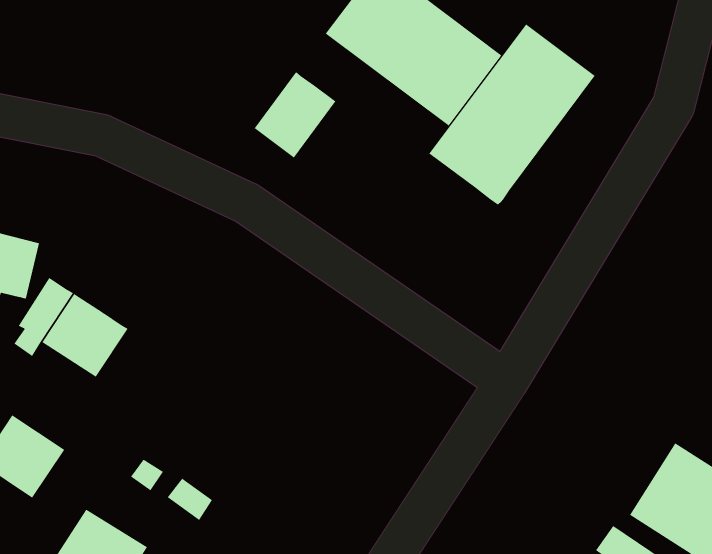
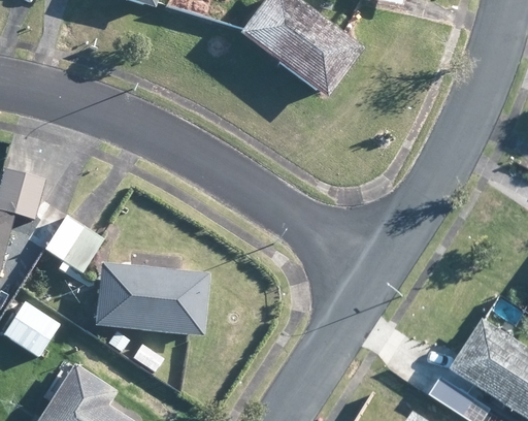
building: [429,24,595,206] -> none
building: [254,71,336,158] -> none
building: none -> [95,262,209,335]

